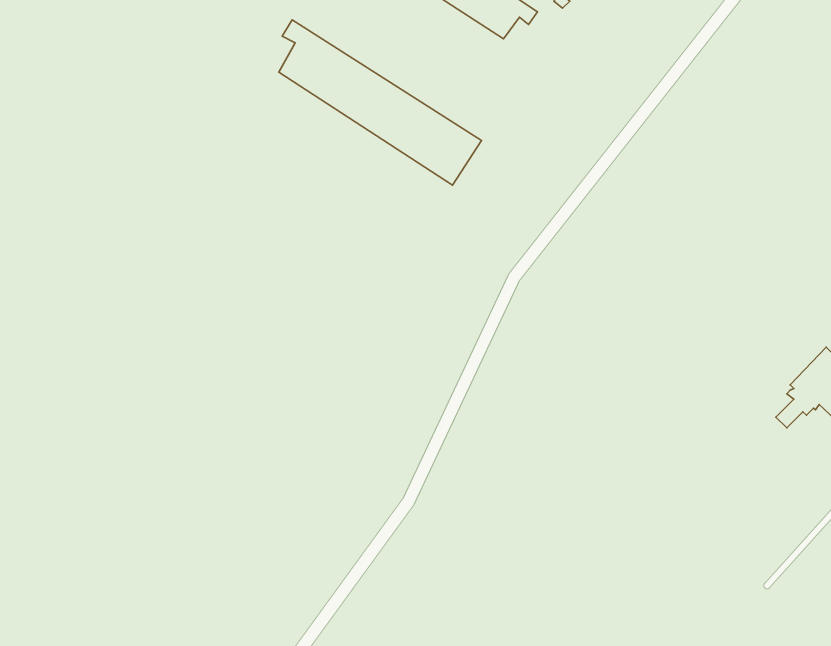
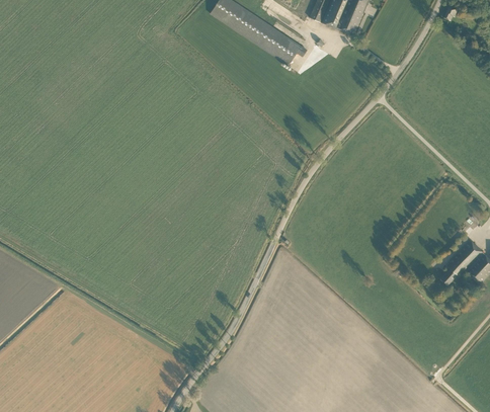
building: [279,20,482,185] -> none

